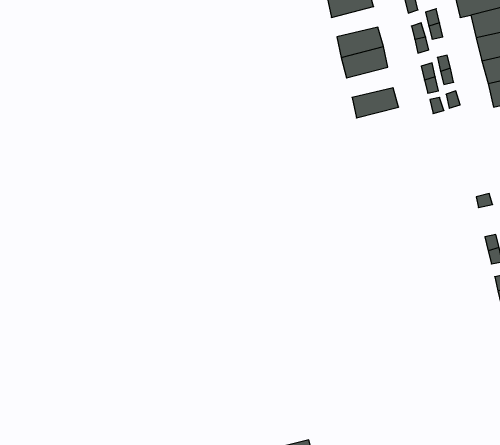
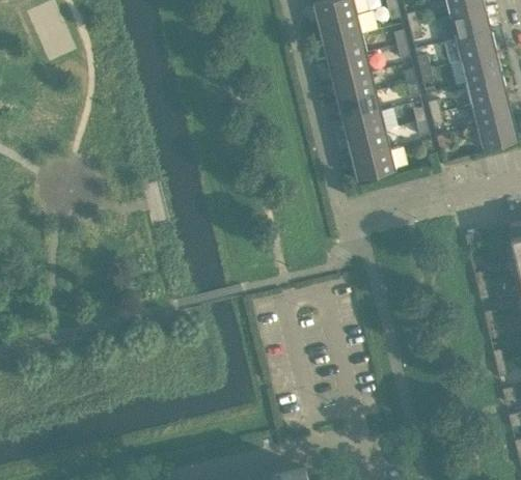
building: none -> [327,53,372,82]
building: none -> [341,111,386,140]
building: none -> [351,149,396,180]

